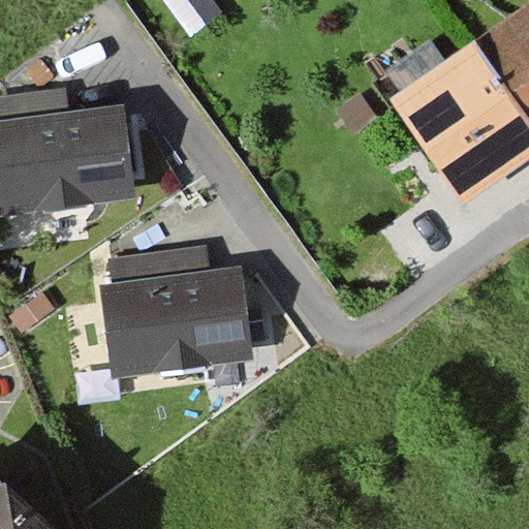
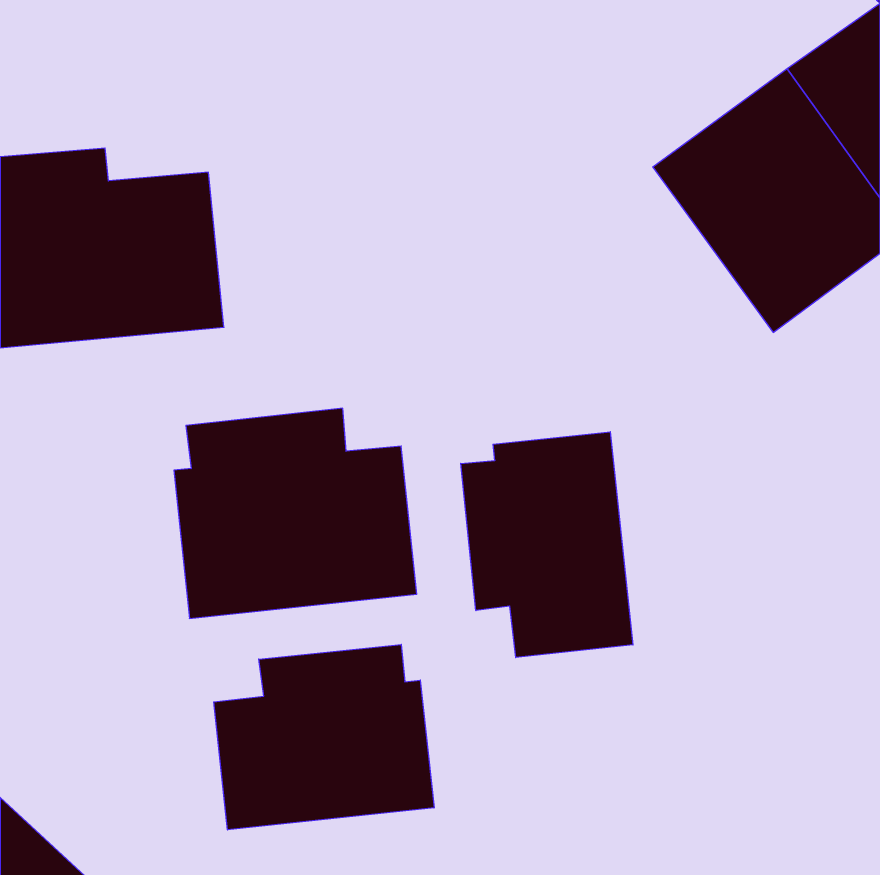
building: none -> [461,432,633,658]
building: none -> [214,644,434,830]

